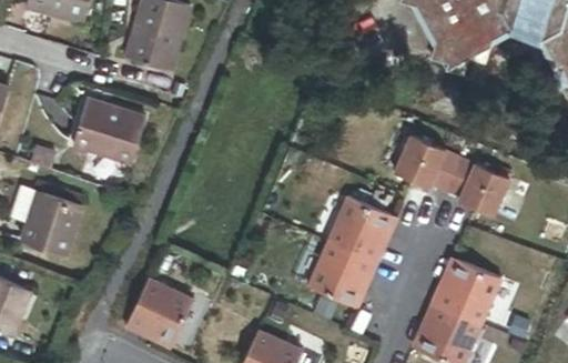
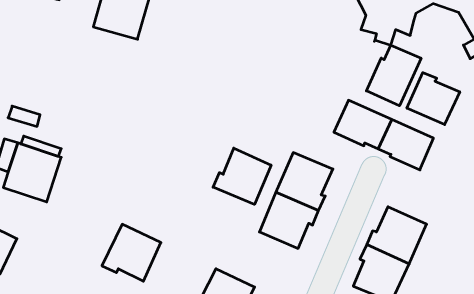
building: none -> [366,45,421,106]
building: [69,94,144,164] -> none
building: none -> [407,73,460,125]
building: none -> [213,148,271,204]

